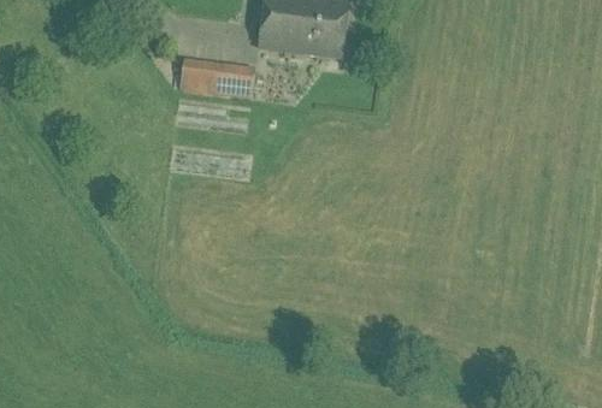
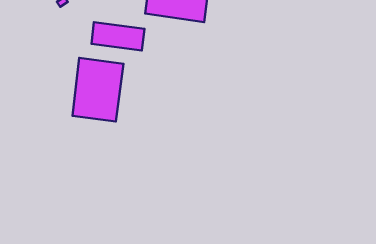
building: none -> [72,58,124,121]

